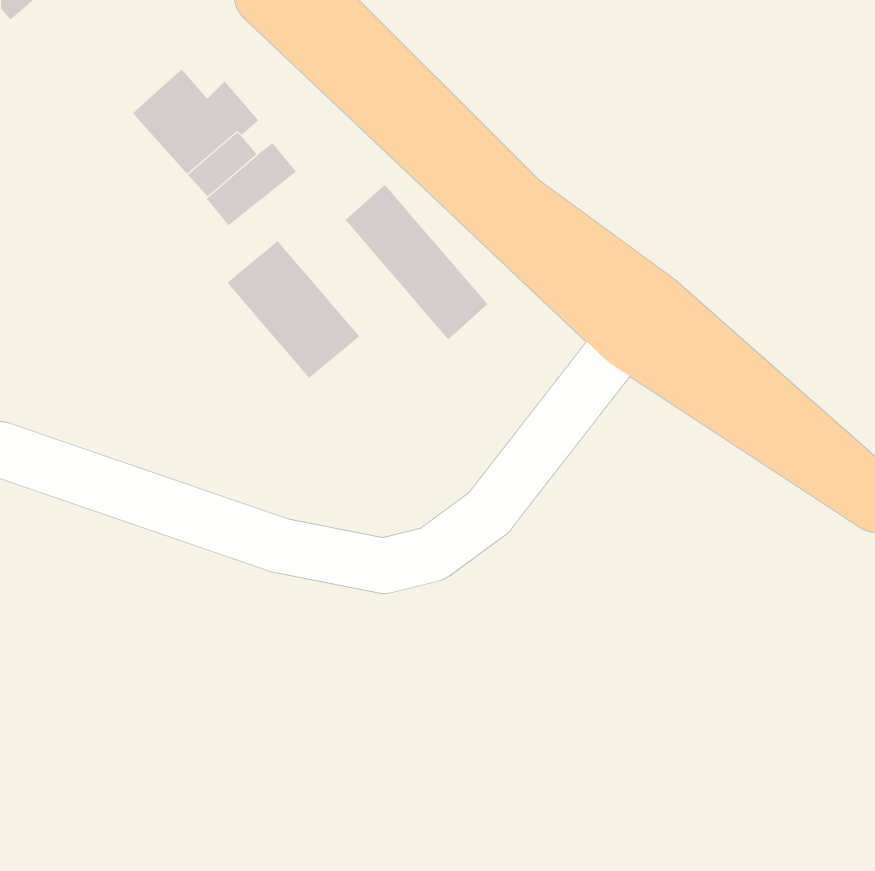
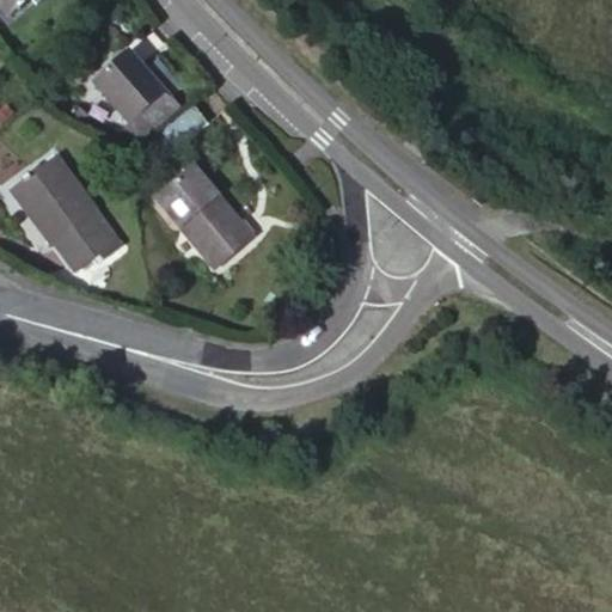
building: [345,184,488,340] -> none
building: none -> [12,155,122,270]

